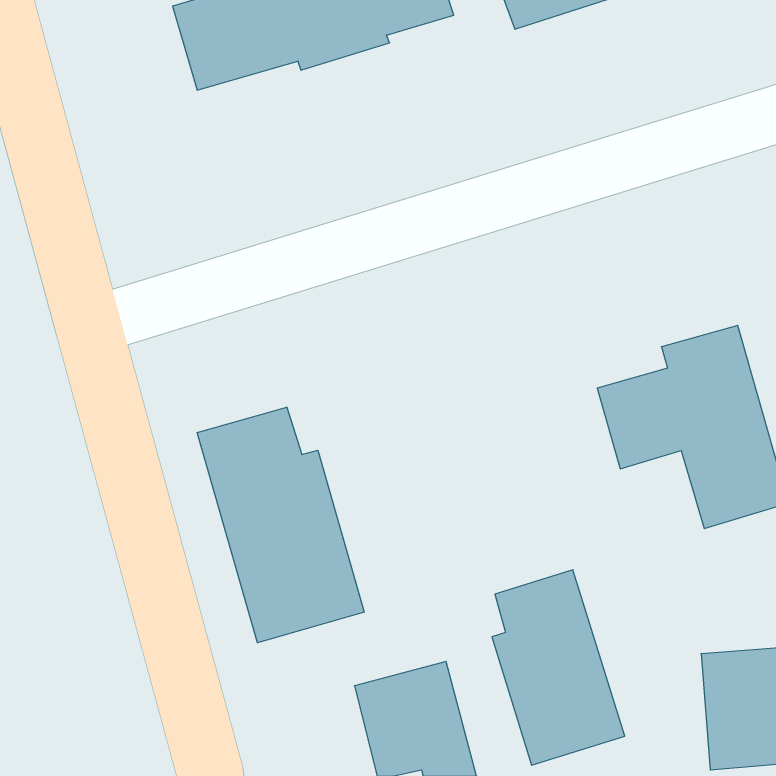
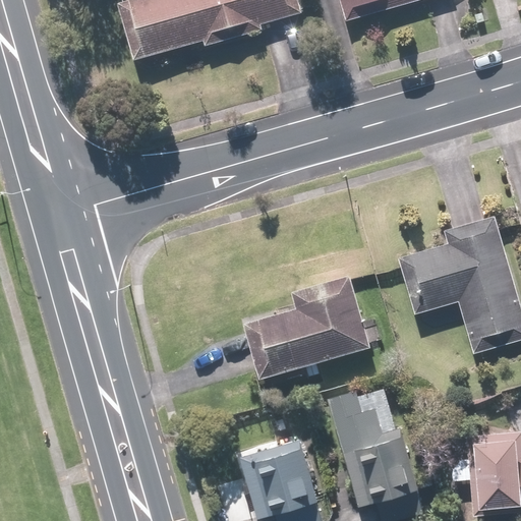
building: [197,407,364,643] -> none
building: none -> [241,279,386,379]

